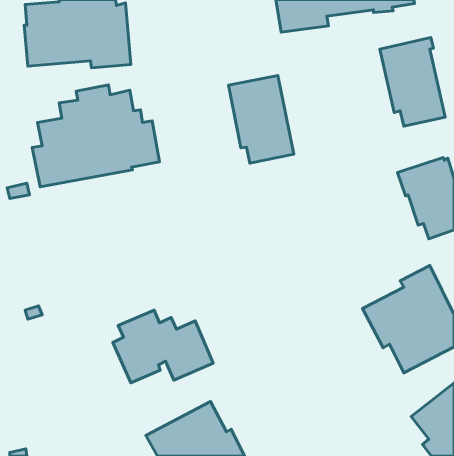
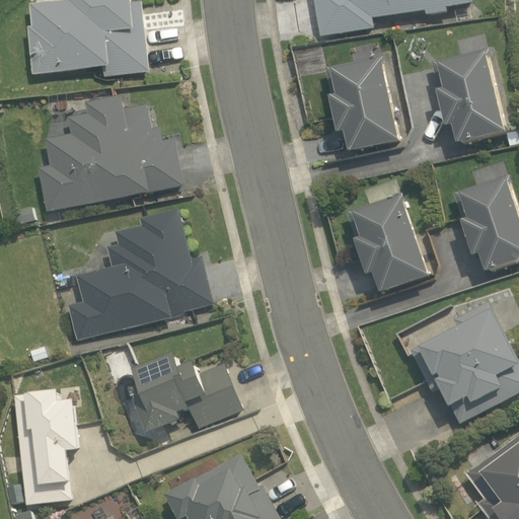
building: [228,75,294,163] -> [324,52,398,151]
building: none -> [343,196,429,291]
building: none -> [66,210,211,340]
building: none -> [13,388,82,503]

